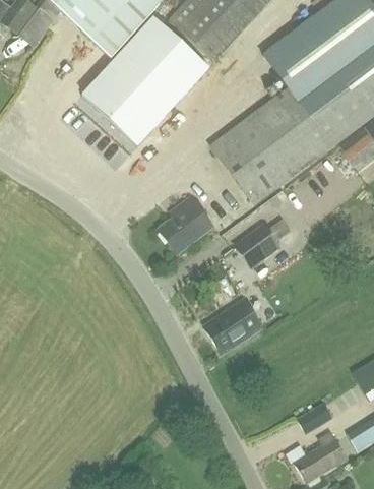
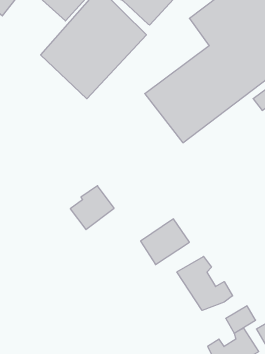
building: [158,198,211,252] -> [70,186,114,230]
building: [233,217,290,266] -> none
building: none -> [177,256,233,310]

